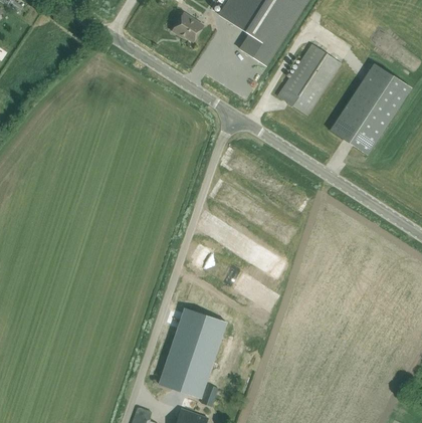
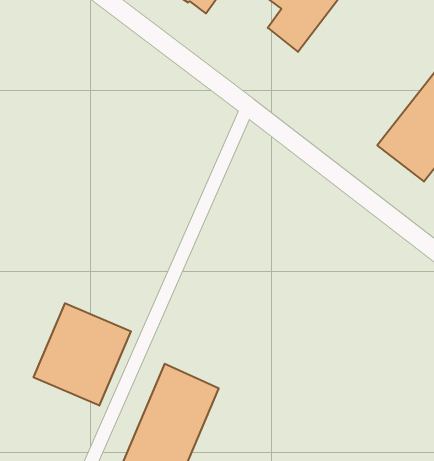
building: [278,43,341,115] -> none
building: none -> [34,303,131,406]

